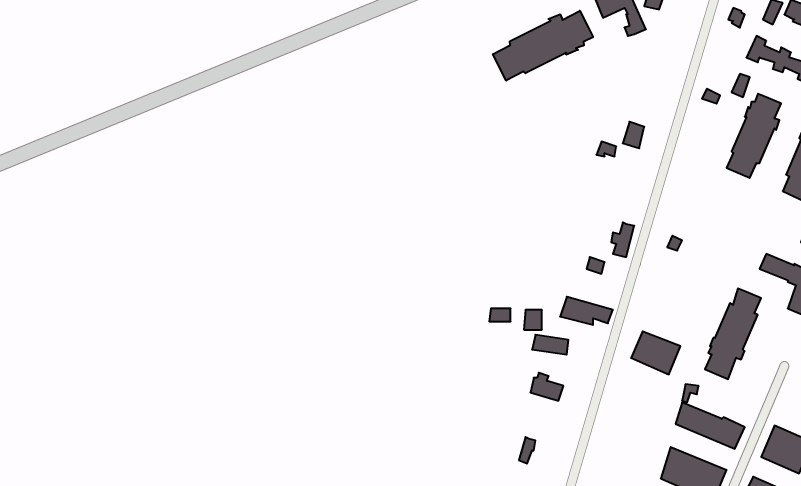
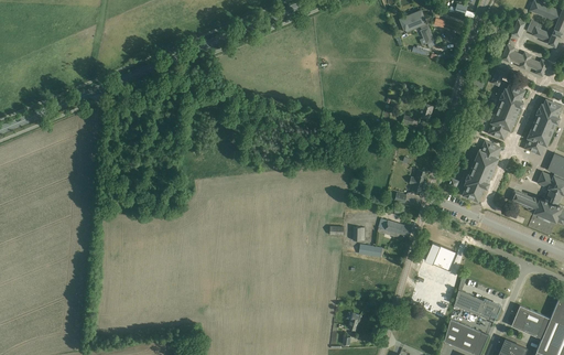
building: [493,11,593,81] -> none
building: [705,288,761,379] -> [463,141,500,202]

